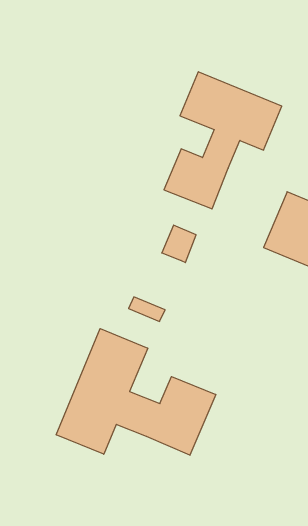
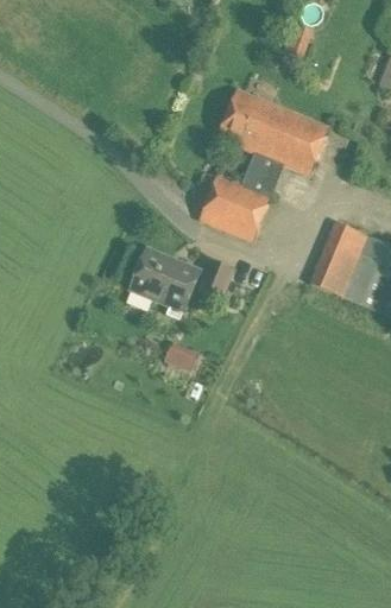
building: none -> [128,248,198,318]
building: [56,329,216,455] -> none

